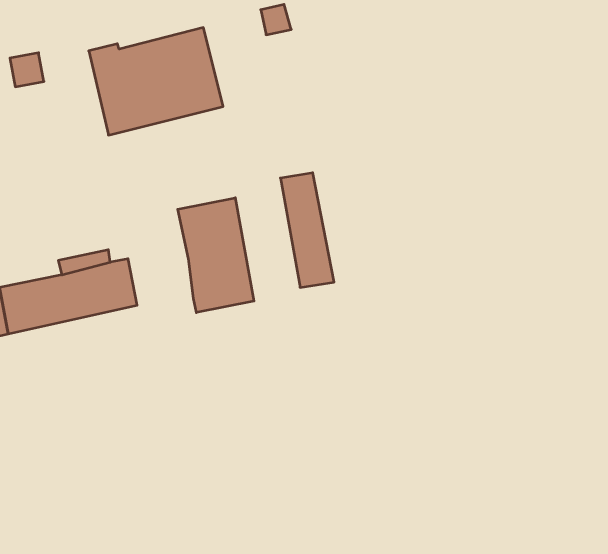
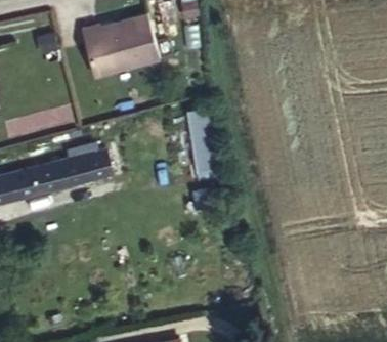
building: [178,198,254,313] -> none

